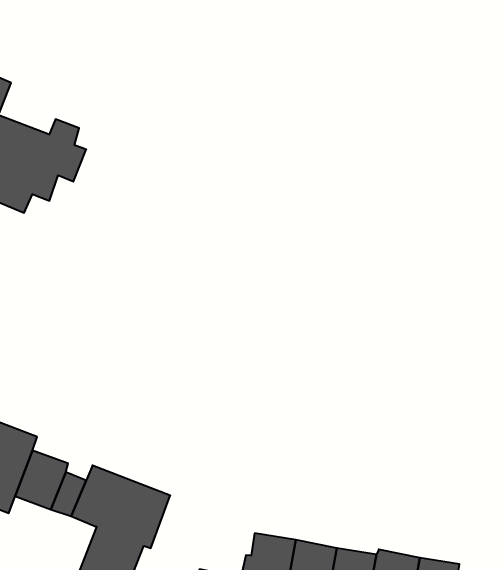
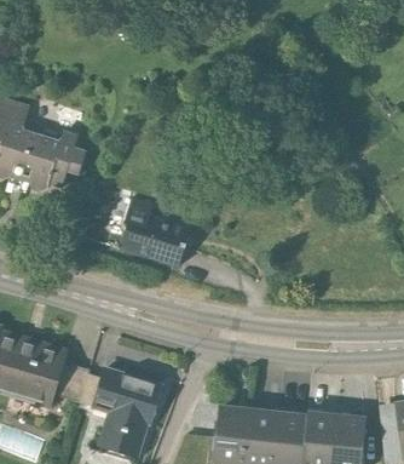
building: none -> [121,213,190,264]

